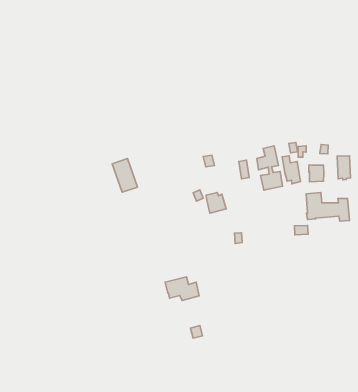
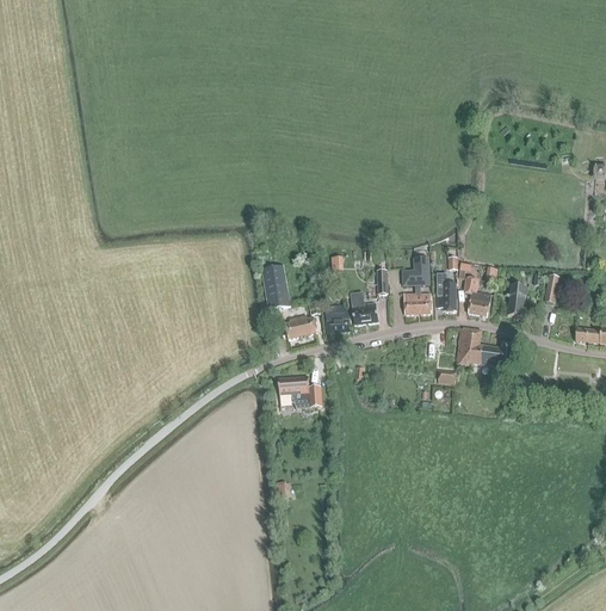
building: [112,159,137,192] -> [261,264,290,308]
building: none -> [350,291,378,325]
building: none -> [284,314,317,339]
building: [165,277,199,301] -> [278,377,321,408]

